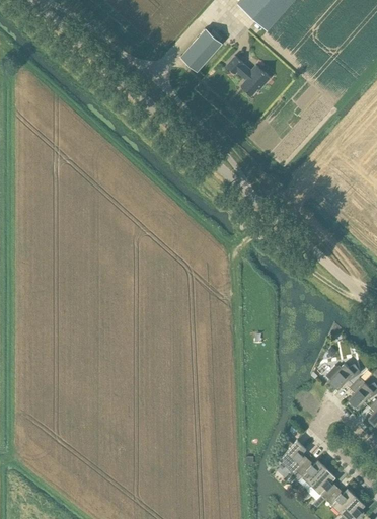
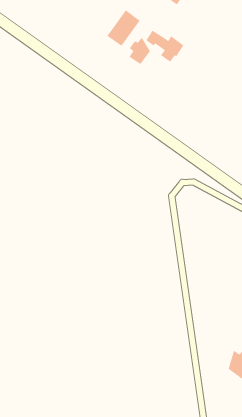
building: none -> [129,37,150,65]

